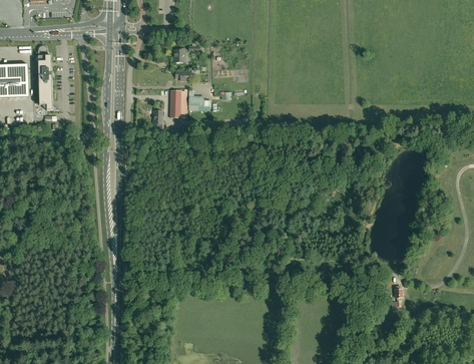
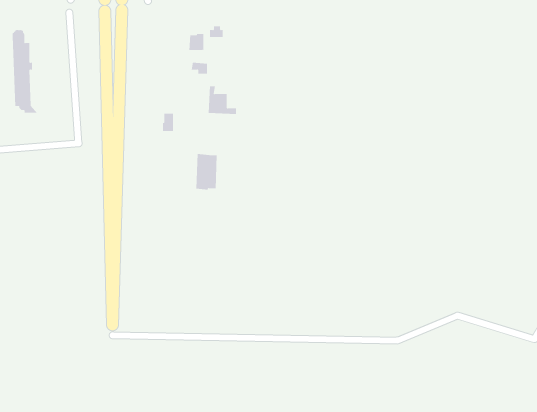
building: [169,89,186,117] -> [195,153,218,190]

